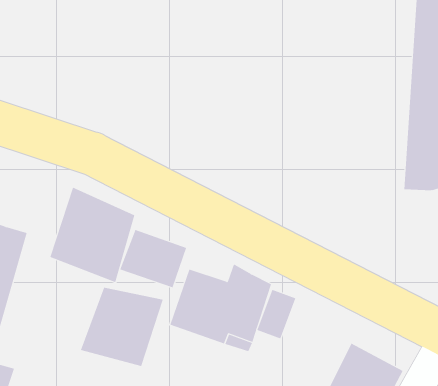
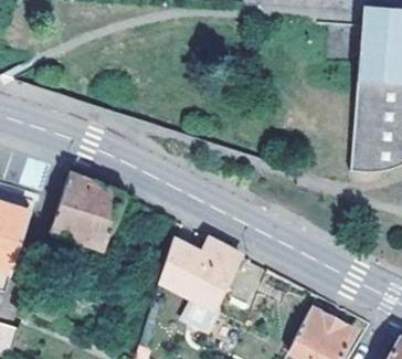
building: [120,229,187,288] -> none
building: [80,287,164,367] -> none

